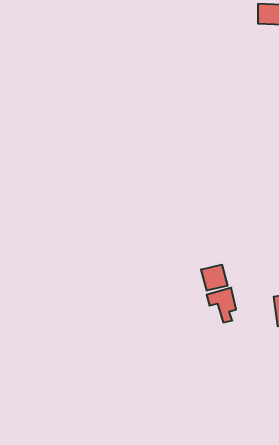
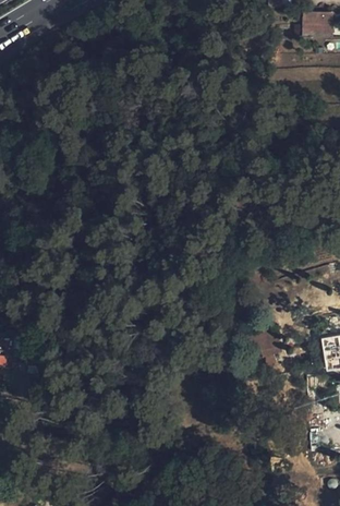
building: [201,265,228,291] -> none

